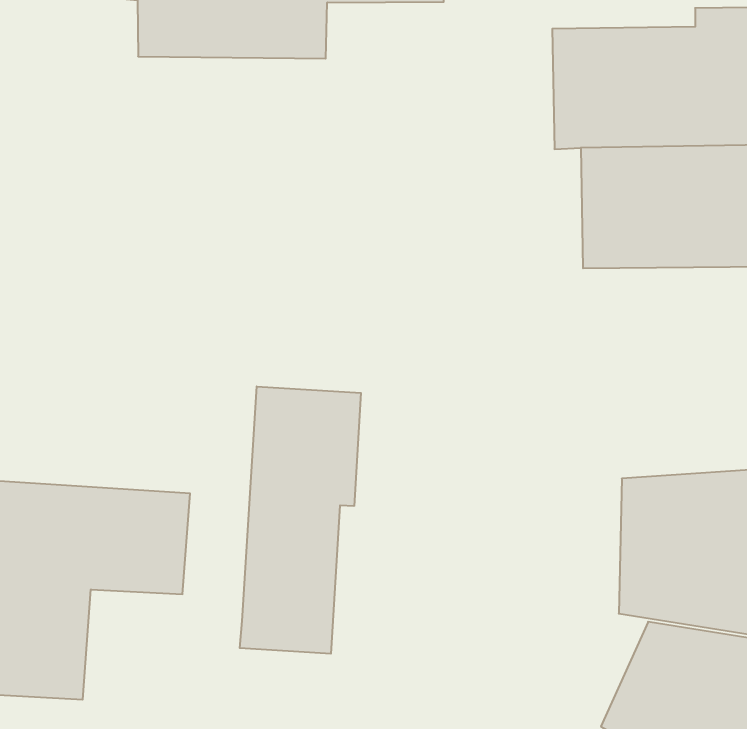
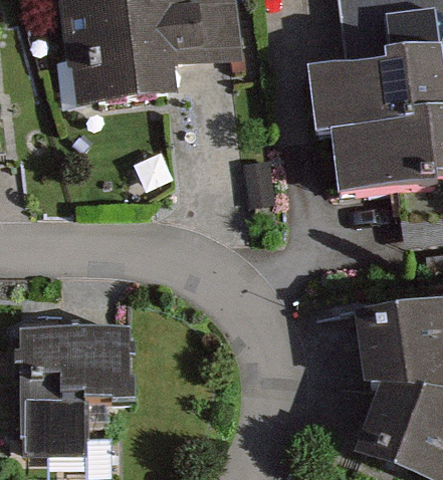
building: [240,386,361,654] -> none

